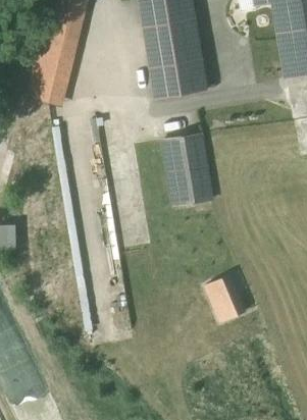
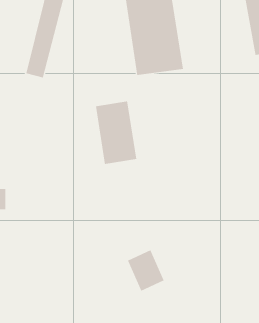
building: [165,135,212,206] -> [95,101,137,165]
building: [205,277,247,324] -> [127,250,165,292]

